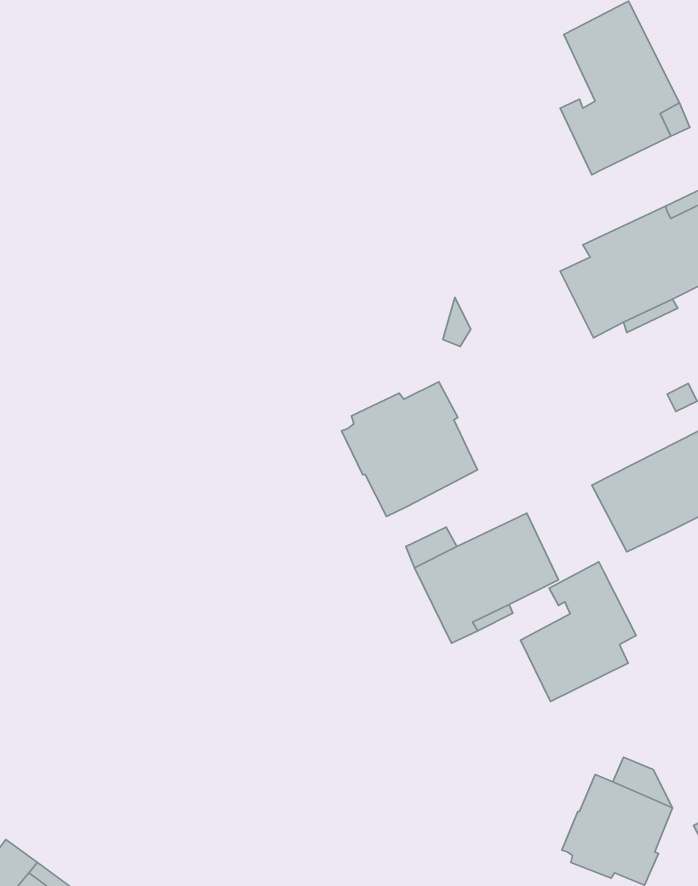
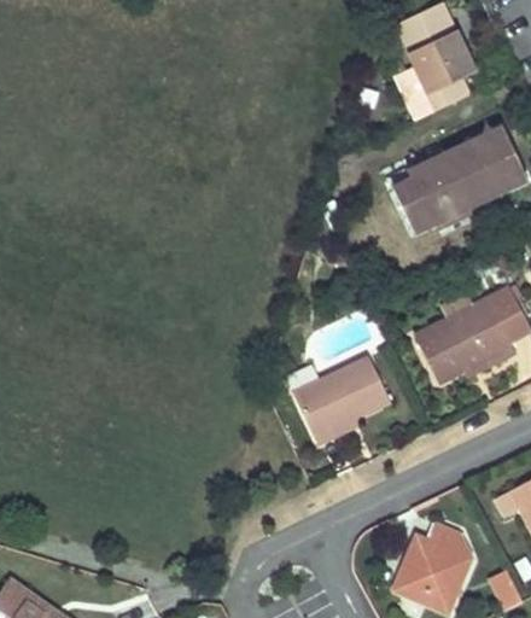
building: [342,382,478,516] -> none
building: [520,562,636,702] -> none

